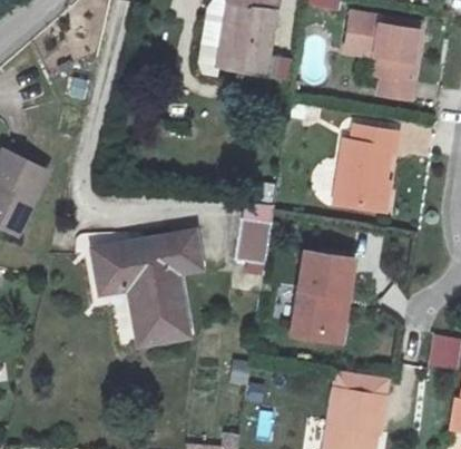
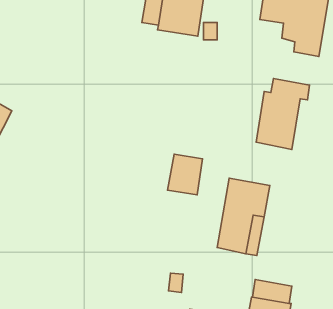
building: [92,227,199,341] -> none

